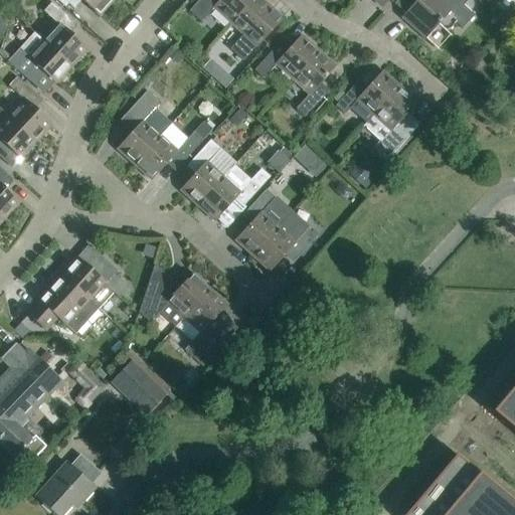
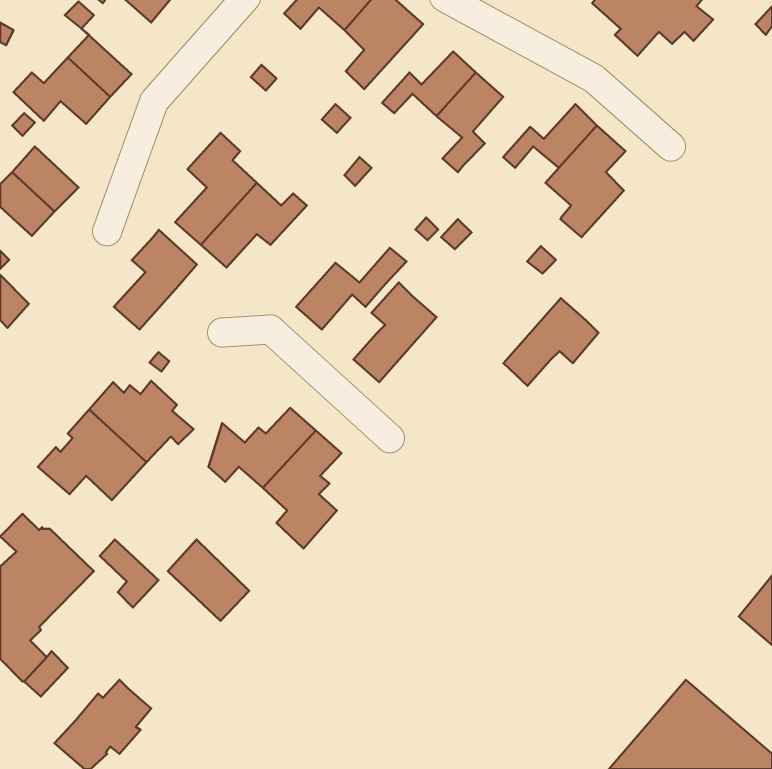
building: [180,138,235,204] -> [114,230,197,330]
building: [252,211,316,270] -> [503,298,599,386]

